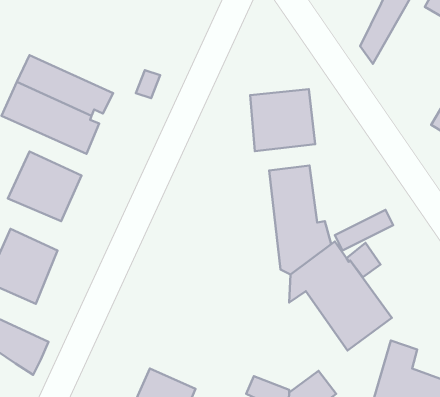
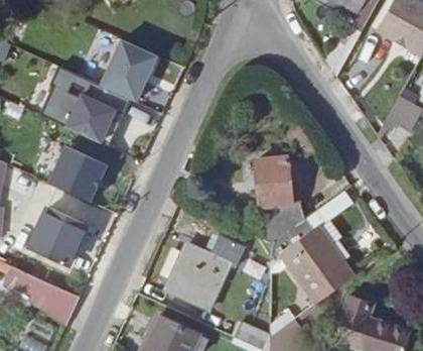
building: none -> [98,38,156,100]
building: [250,89,315,151] -> none
building: none -> [167,234,244,308]

